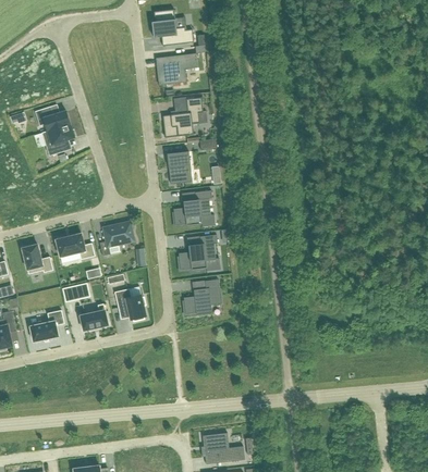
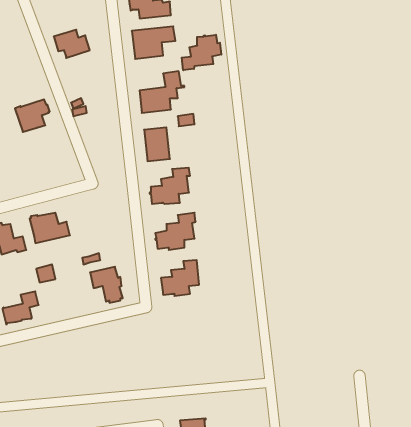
building: none -> [182,35,221,70]
building: [35,104,70,132] -> [54,30,90,58]
building: [99,222,133,256] -> none
building: [80,303,108,331] -> none

